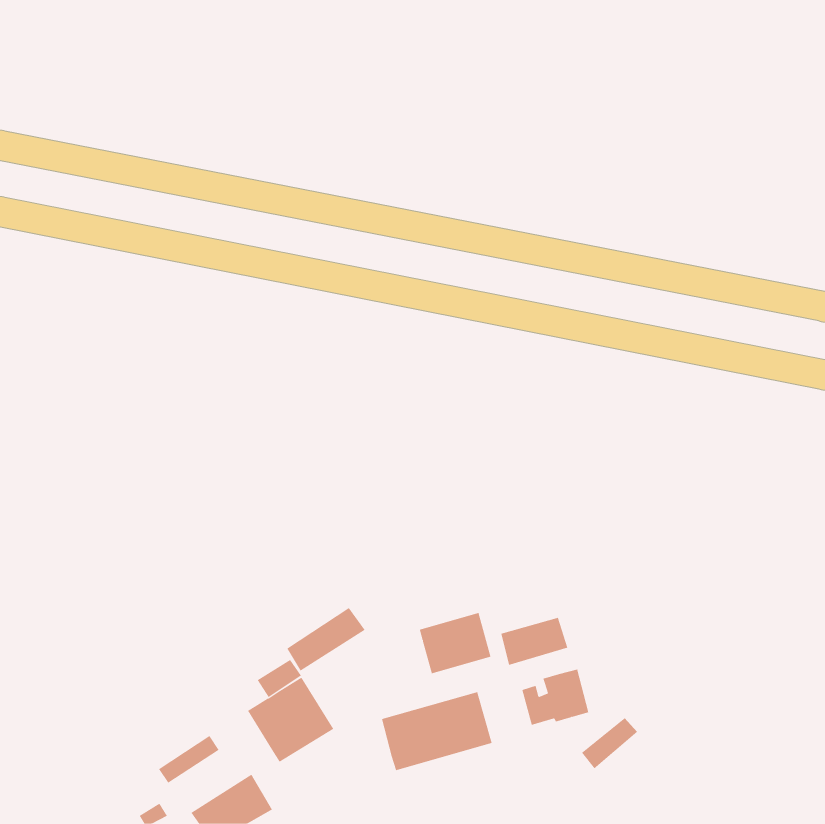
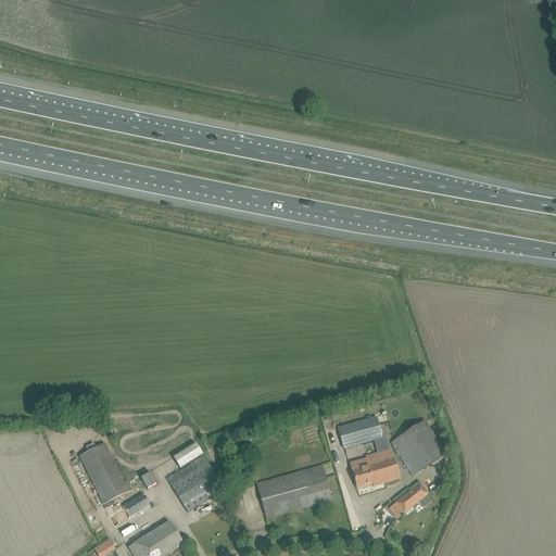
building: [286,607,366,672] -> none
building: [419,612,491,674] -> none
building: none -> [391,420,445,475]
building: none -> [78,443,126,503]

